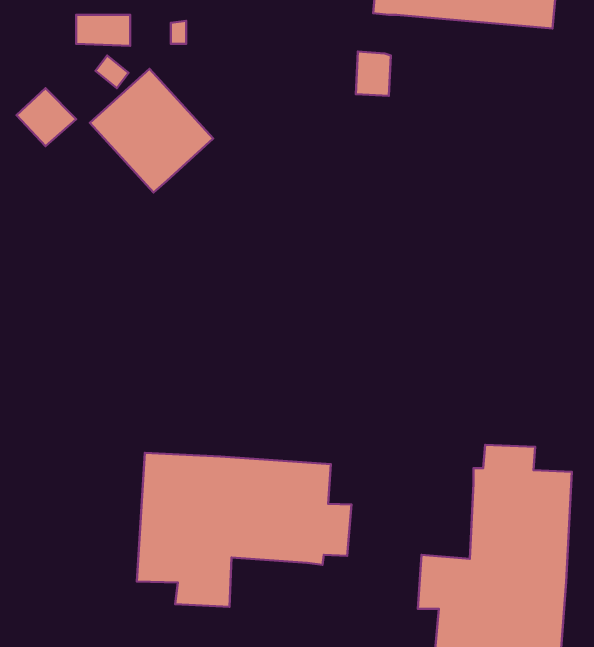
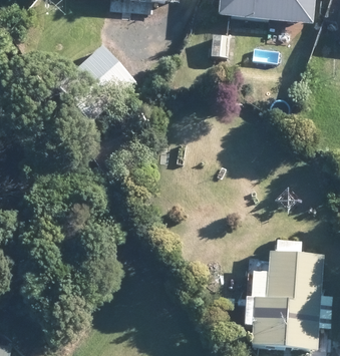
building: [137,453,351,607] -> none

